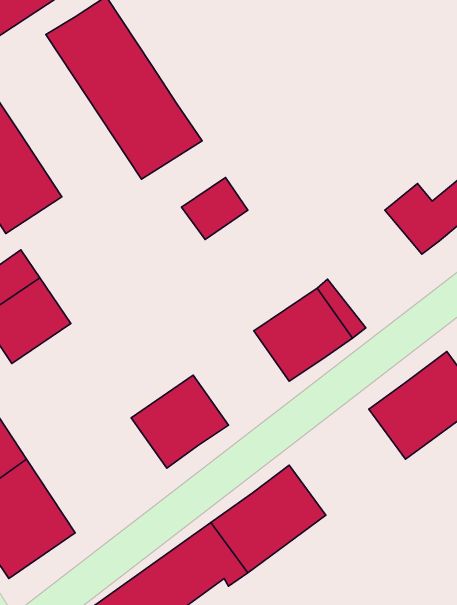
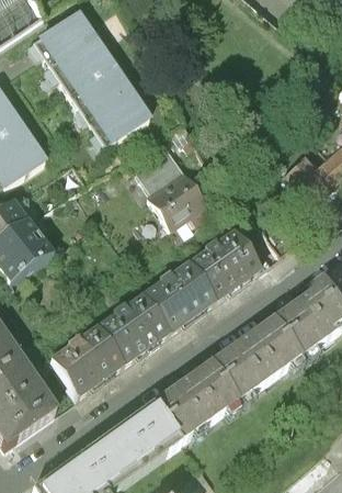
building: none -> [149,170,208,227]
building: none -> [145,260,216,330]
building: none -> [216,318,303,397]
building: none -> [53,325,125,395]

